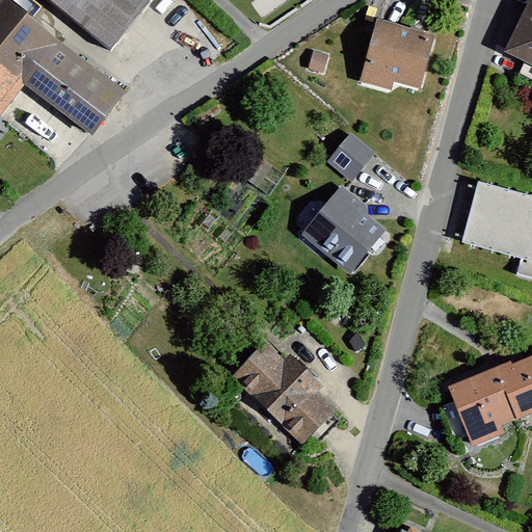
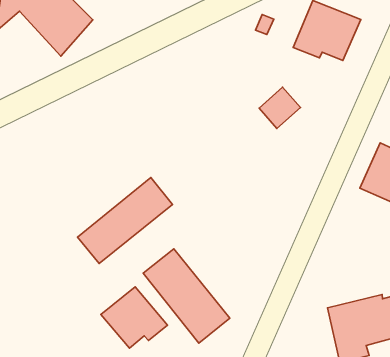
building: [301,184,391,271] -> none
building: none -> [77,178,172,263]
building: none -> [101,287,167,348]

